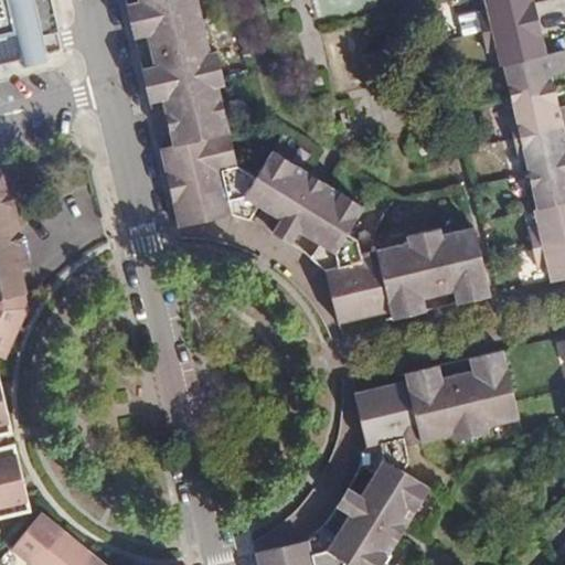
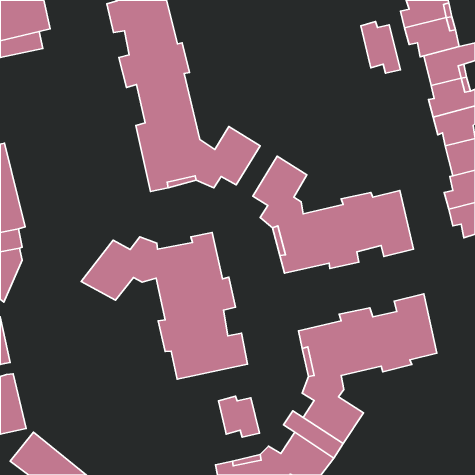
building: none -> [361,22,401,73]
building: [273,173,329,244] -> none
building: none -> [81,233,247,379]
building: none -> [219,396,260,437]

